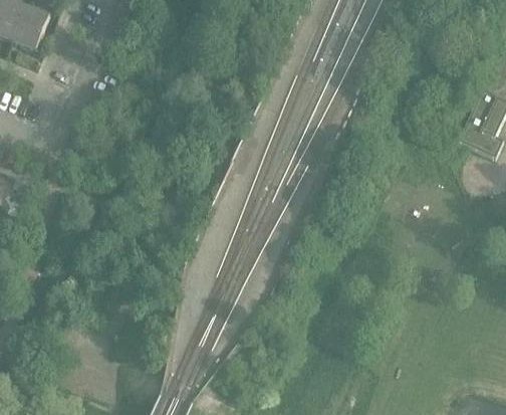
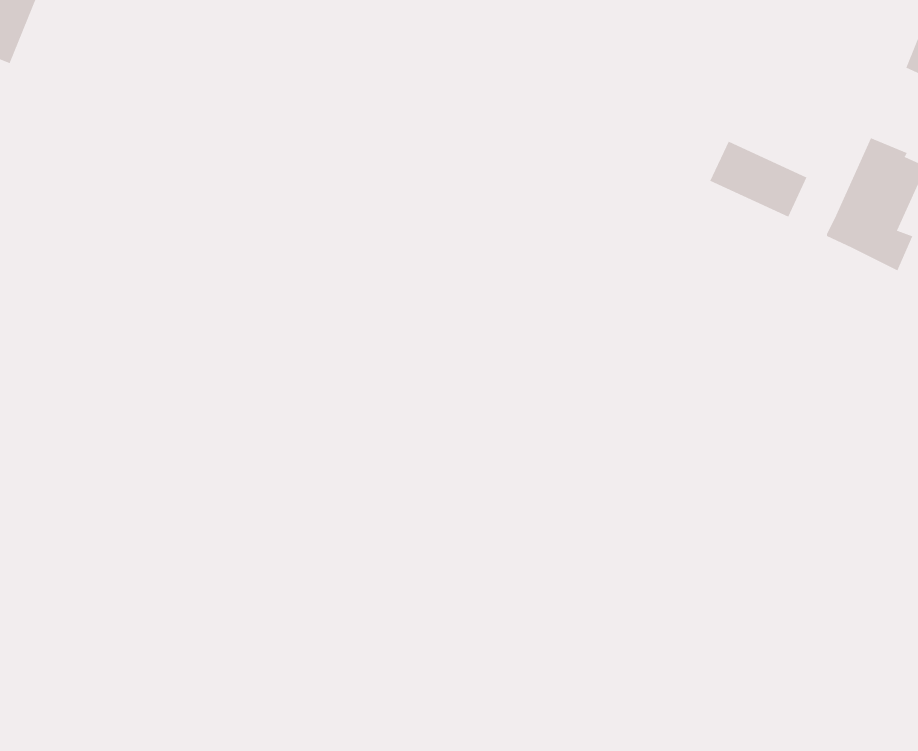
building: none -> [709,141,807,217]

